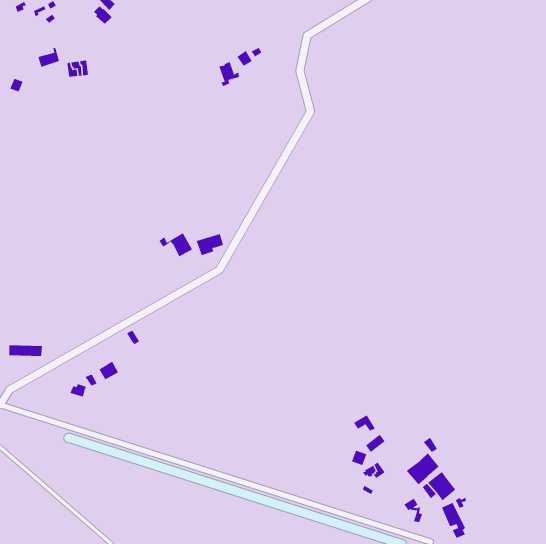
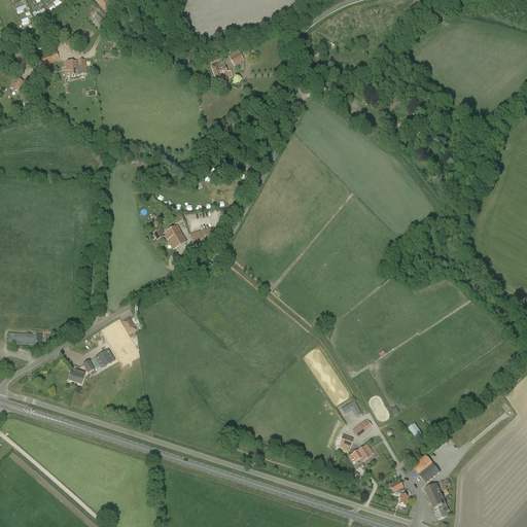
building: [406,452,439,485] -> none

